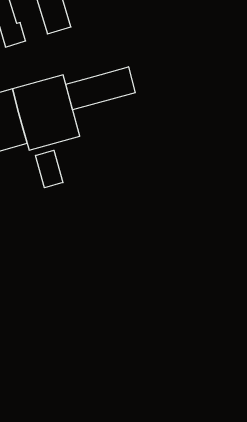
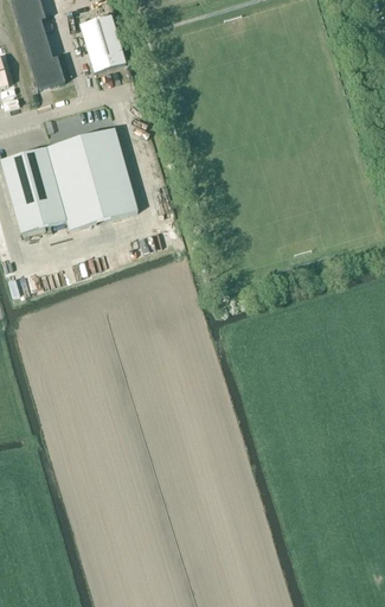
building: [66,67,135,110] -> none
building: [36,150,63,188] -> none

